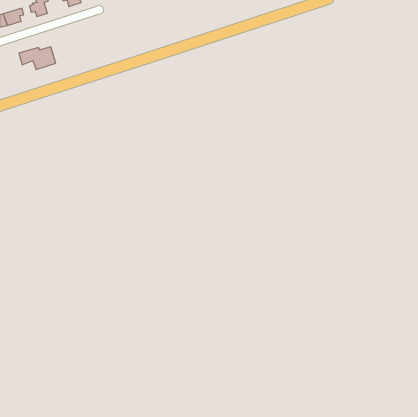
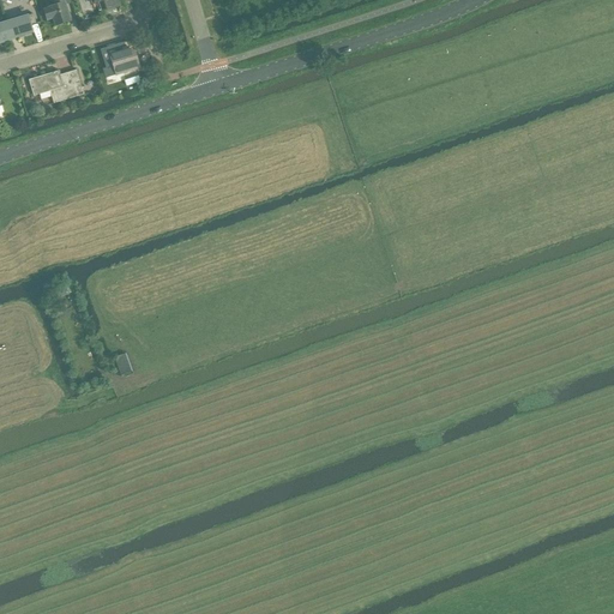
building: none -> [100,41,137,74]

